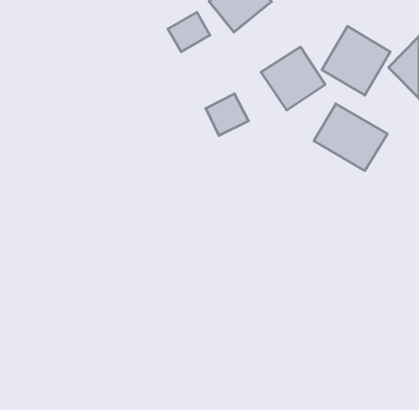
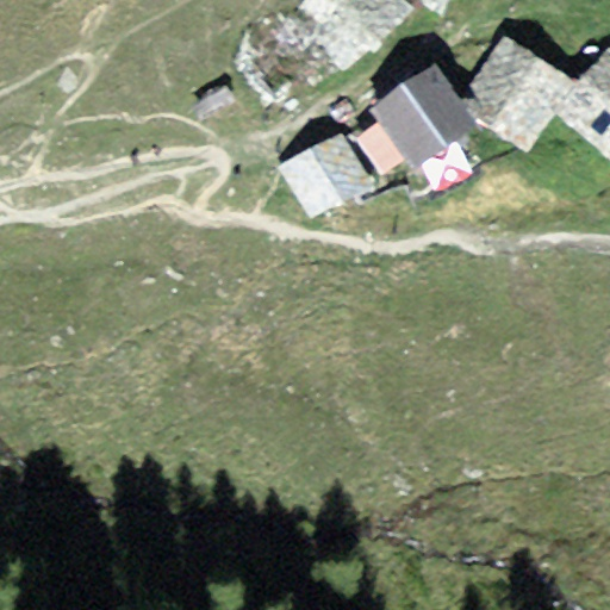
building: [314,104,387,171] -> none

